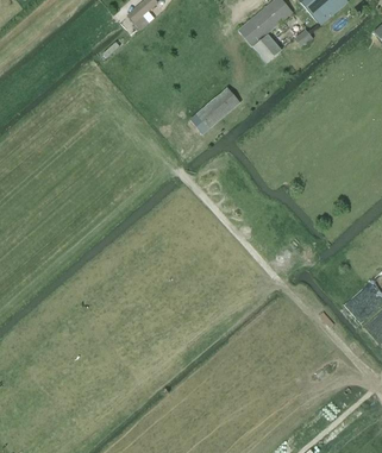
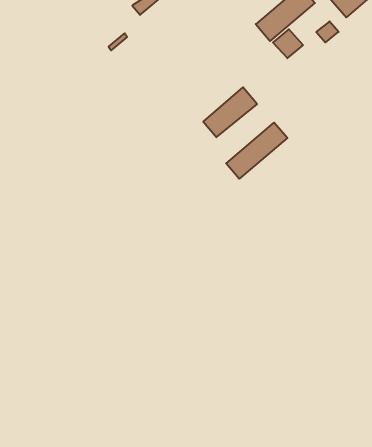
building: none -> [226,123,287,179]

